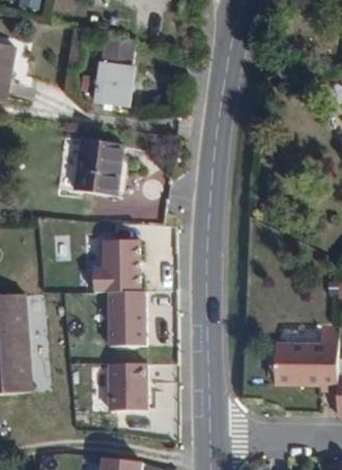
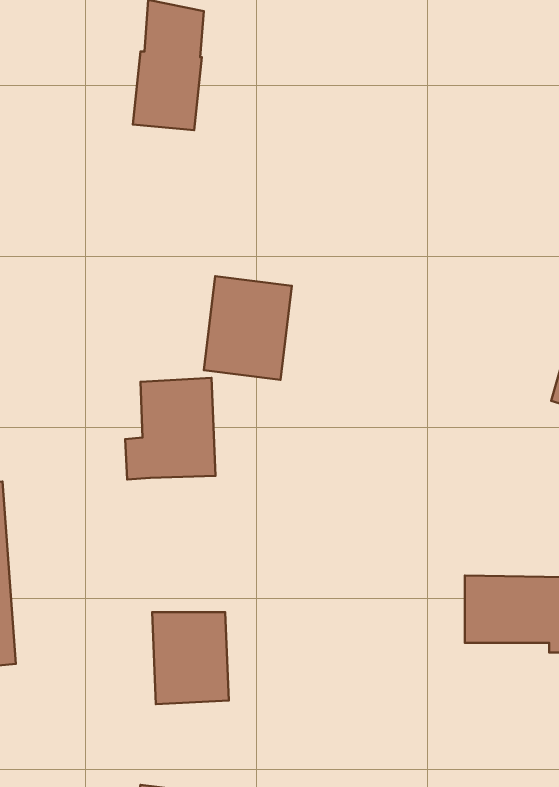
building: [82,144,130,200] -> [204,276,292,380]
building: [106,290,146,346] -> none

